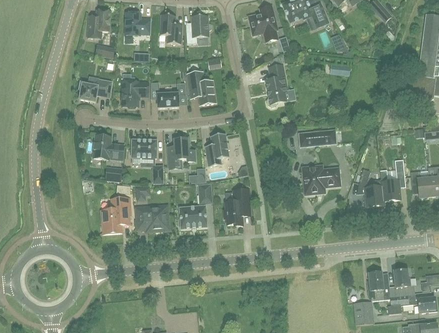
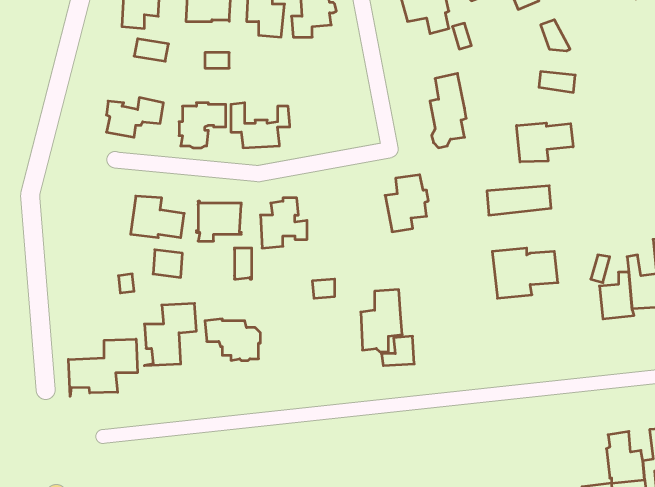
building: [188,71,215,104] -> none
building: none -> [517,123,573,162]
building: [205,133,230,166] -> [385,175,428,232]
building: [180,205,207,228] -> none
building: none -> [68,339,137,396]

